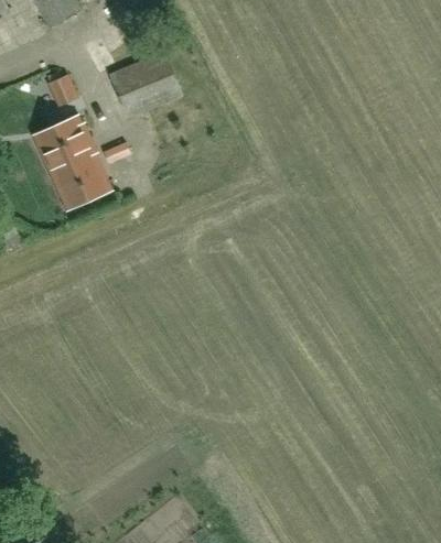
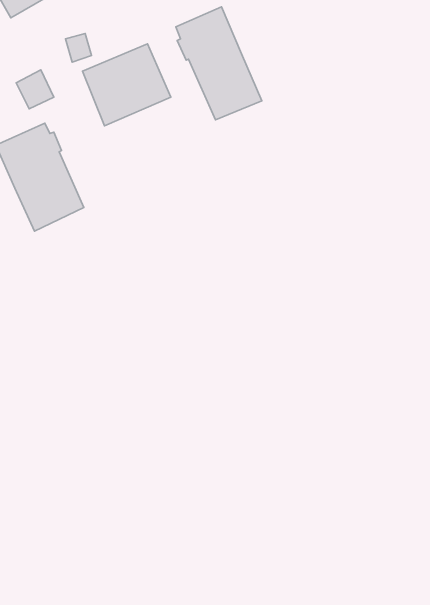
building: none -> [176,7,262,120]

